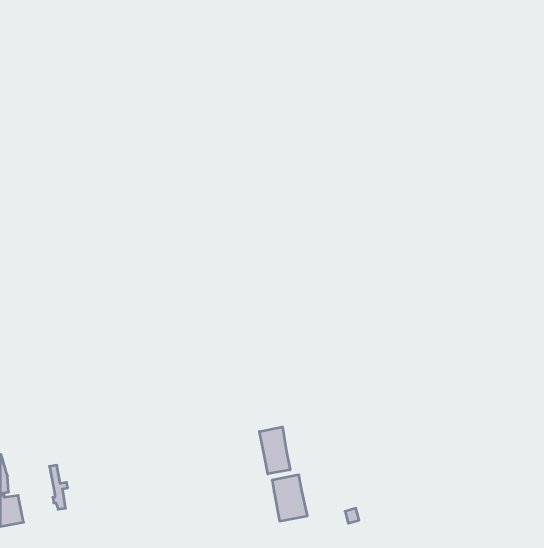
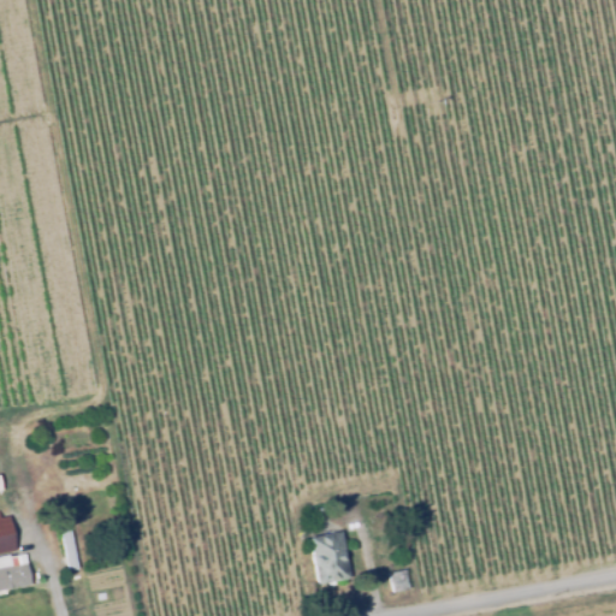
building: [259,427,290,474] -> none

